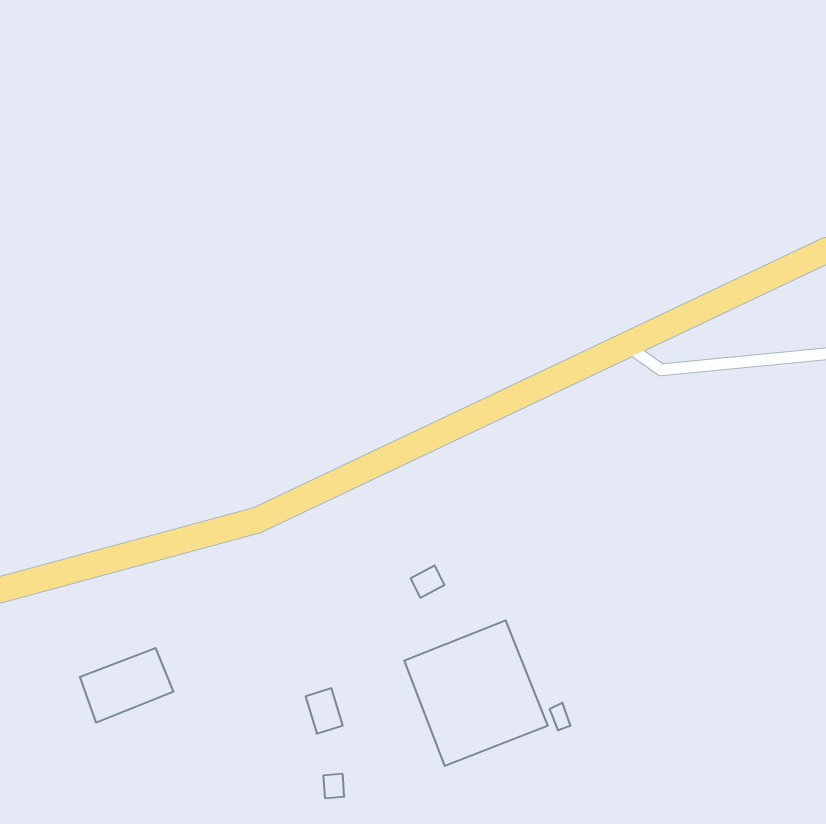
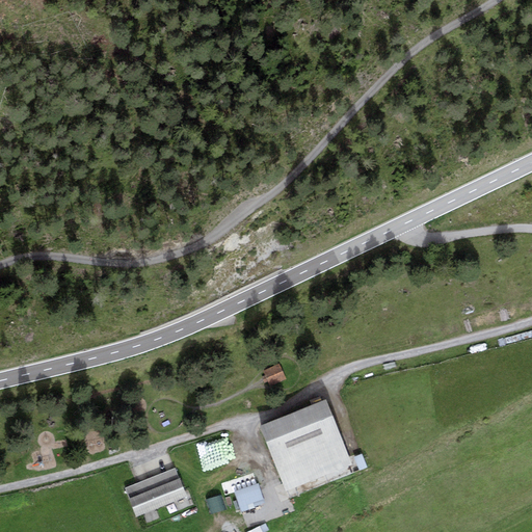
building: [80,648,174,722] -> [126,468,186,515]
building: none -> [235,482,265,510]

